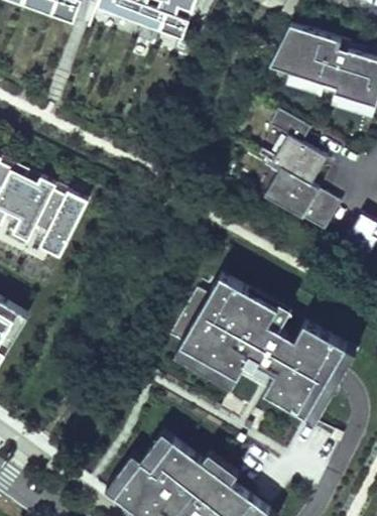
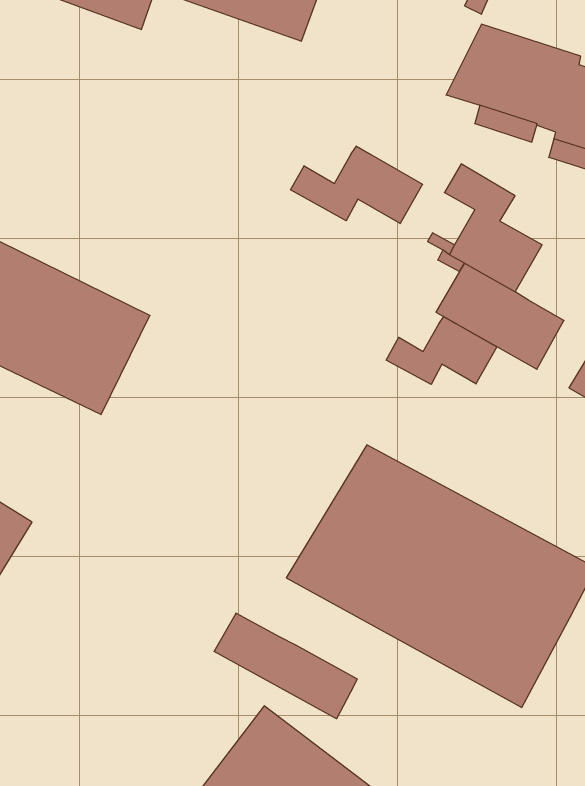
building: none -> [291,146,423,224]
building: none -> [386,316,497,384]
building: none -> [214,613,357,719]

